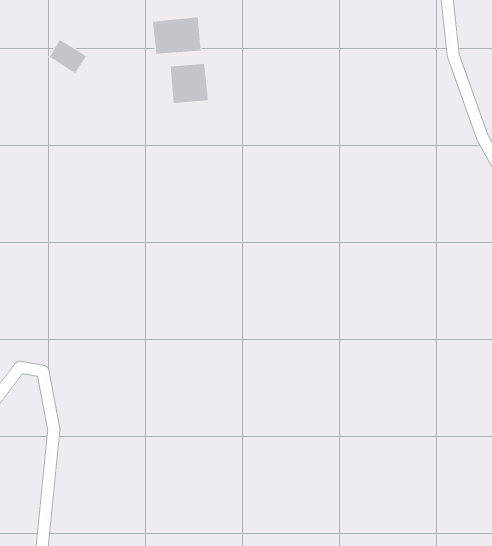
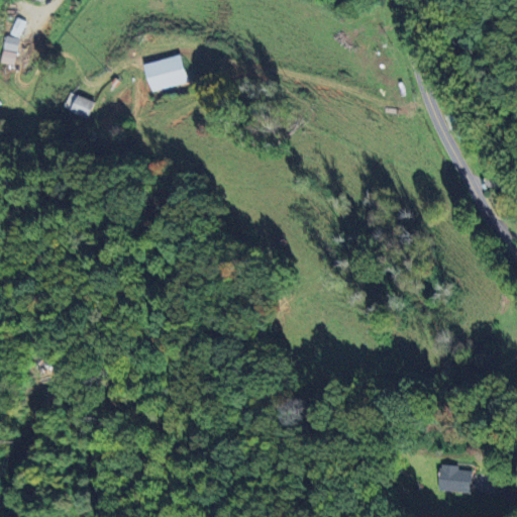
building: [170,63,209,104] -> none

